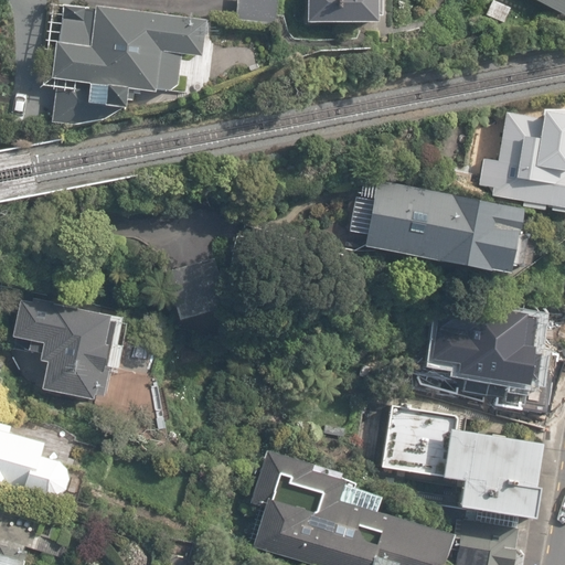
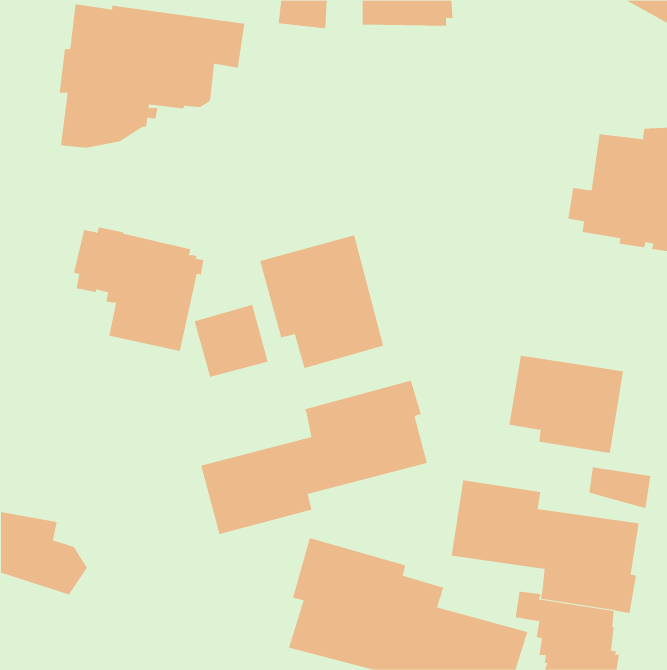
building: [350,179,522,271] -> none
building: none -> [259,235,384,369]
building: [12,297,122,402] -> [73,227,204,352]
building: none -> [201,380,428,535]

